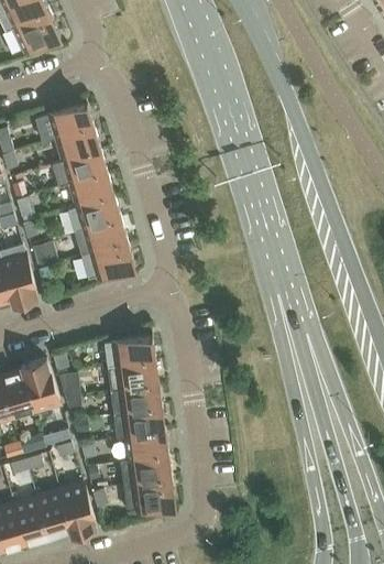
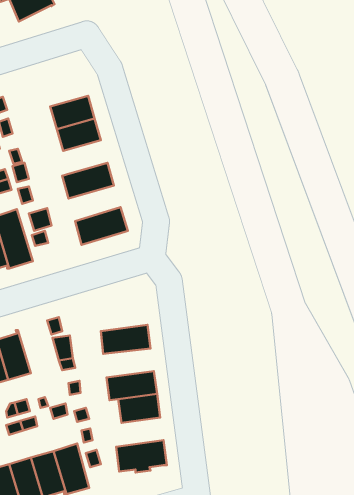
building: [48,102,94,138] -> none
building: [68,172,113,206] -> none
building: [74,218,127,254] -> none
building: [103,335,154,367] -> none
building: [22,358,58,410] -> none
building: [109,384,161,414] -> none
building: [119,455,171,485] -> none

